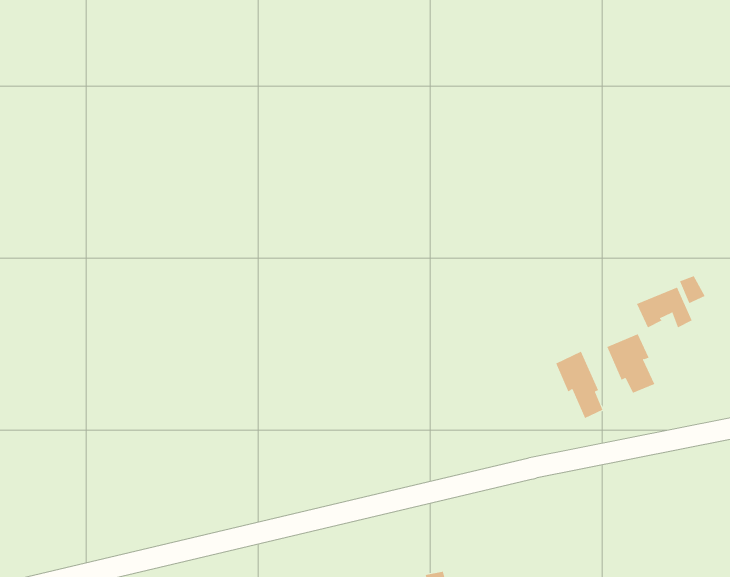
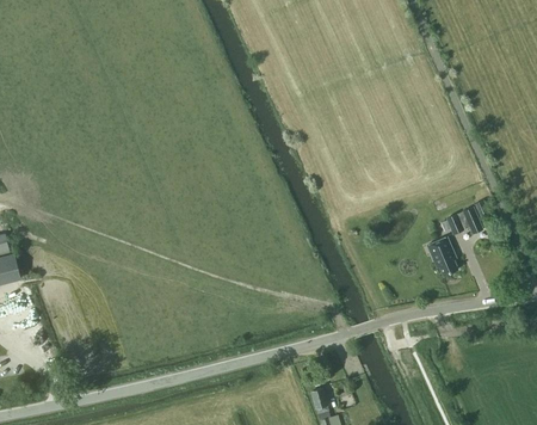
building: [556,351,603,419] -> none

